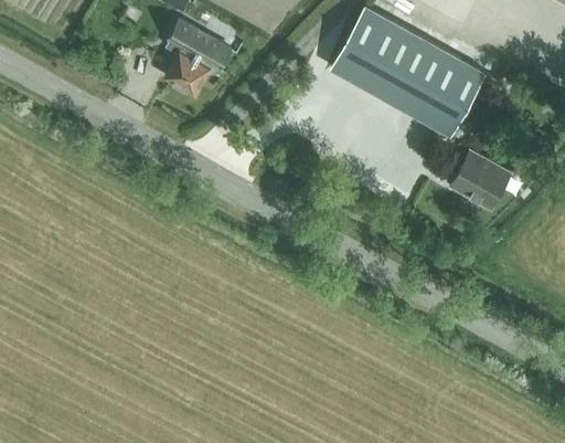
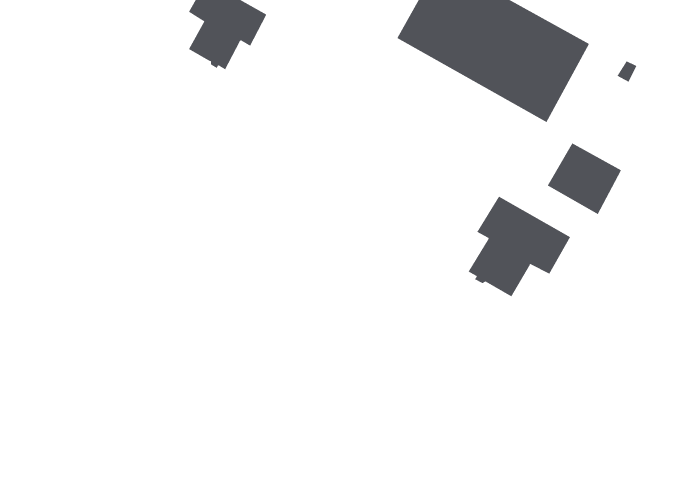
building: none -> [468,196,571,297]

